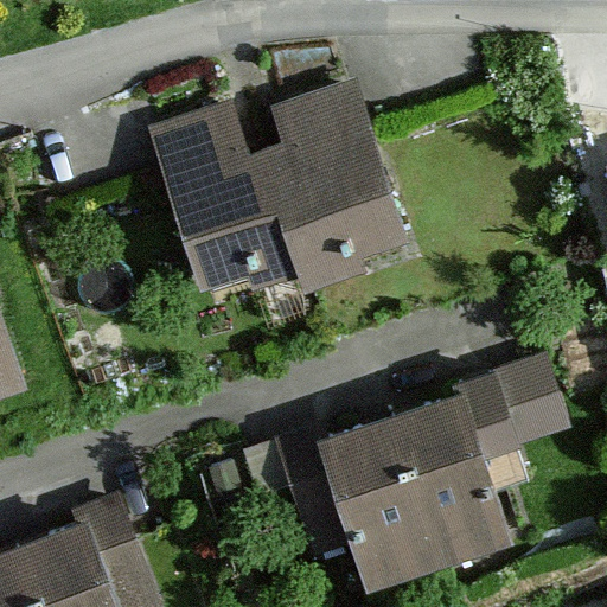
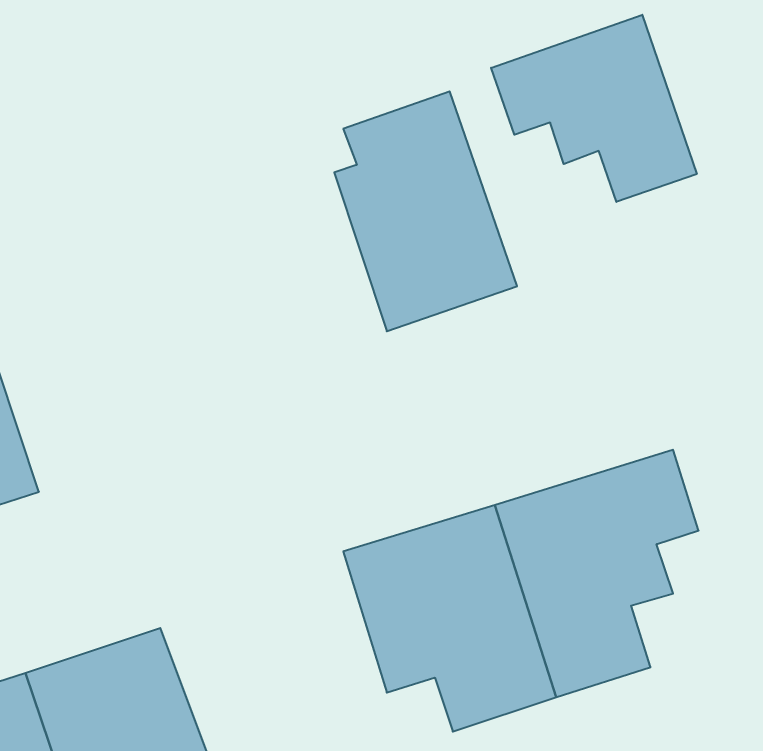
building: none -> [491,15,697,202]
building: [147,109,306,308] -> none

